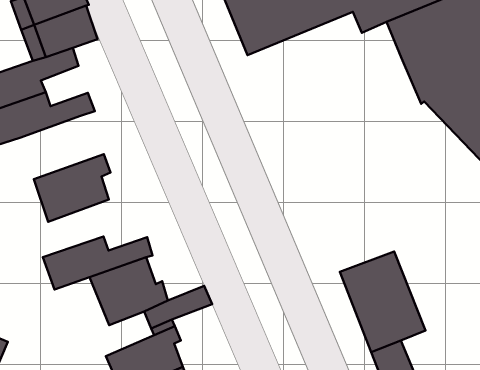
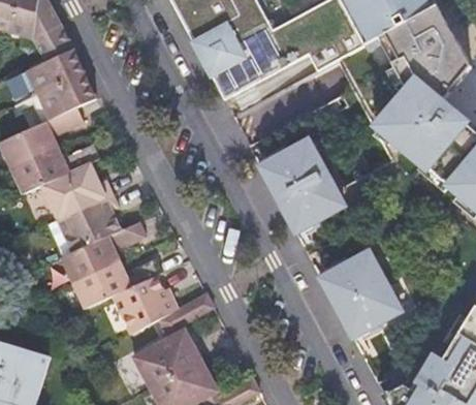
building: none -> [258,136,339,228]
building: none -> [42,163,114,220]
building: none -> [61,222,148,284]

